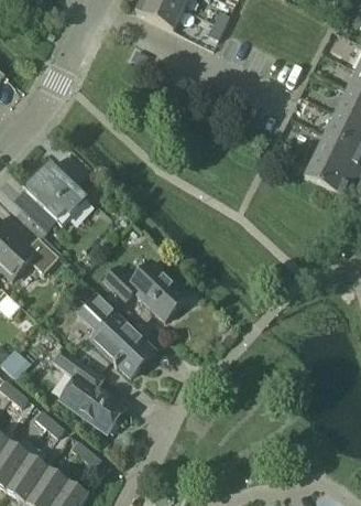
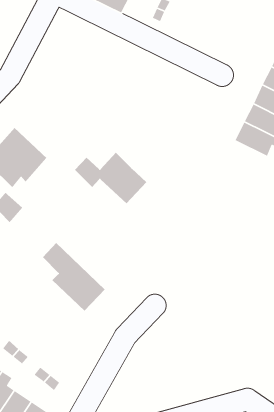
building: [105,259,189,320] -> [74,152,147,204]
building: [54,347,125,433] -> none

